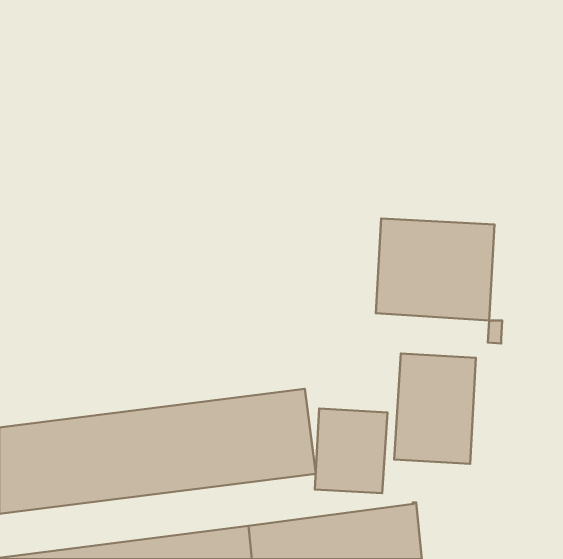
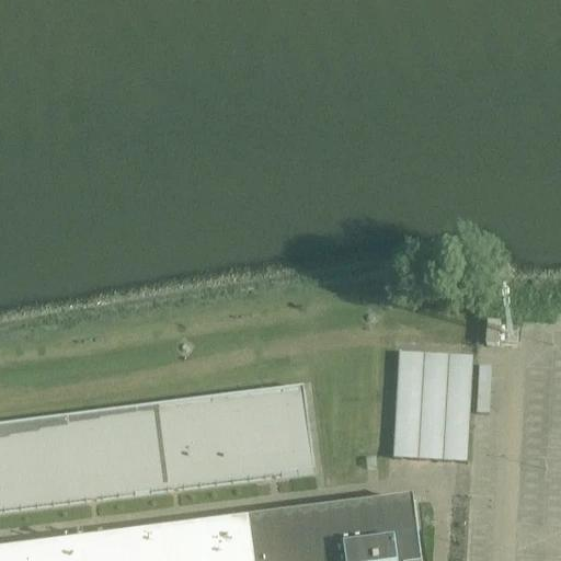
building: [376,219,495,320] -> none
building: [315,408,387,493] -> none

